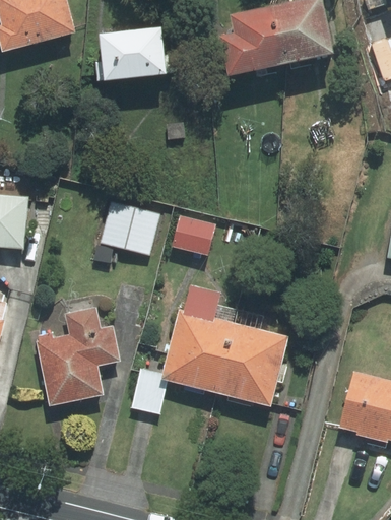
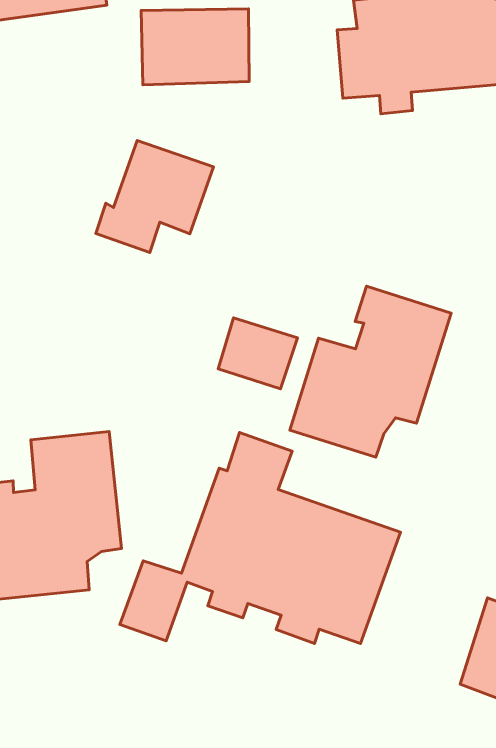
building: none -> [290,286,451,457]
building: [89,203,157,271] -> [96,141,214,253]

